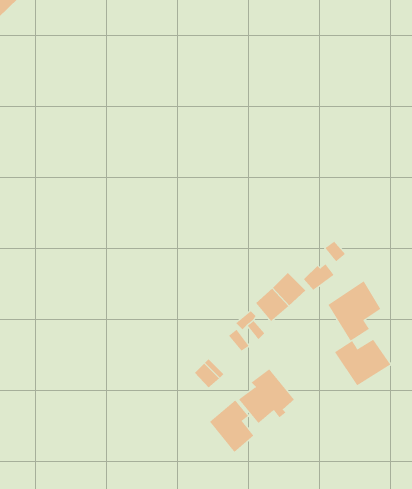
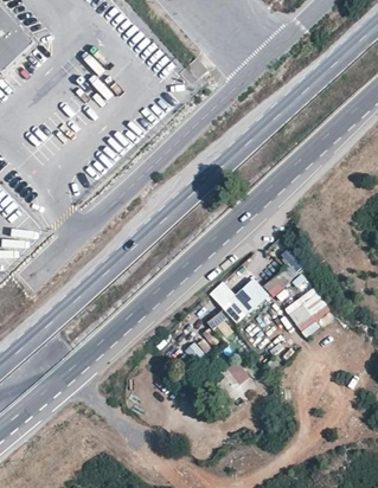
building: [334,339,391,386] -> none
building: [209,399,254,453] -> none

